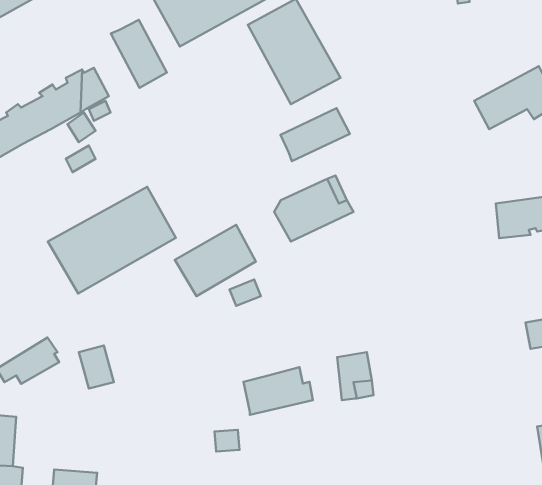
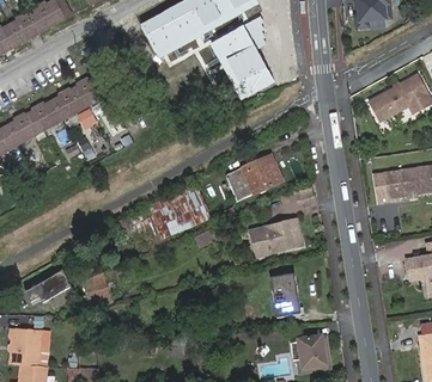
building: [111,20,167,88] -> none
building: [280,108,350,161] -> none
building: [48,187,176,294] -> none
building: [243,367,313,415] -> [251,221,302,255]
building: none -> [299,337,327,369]

